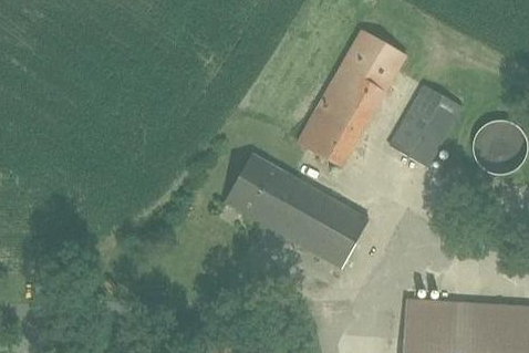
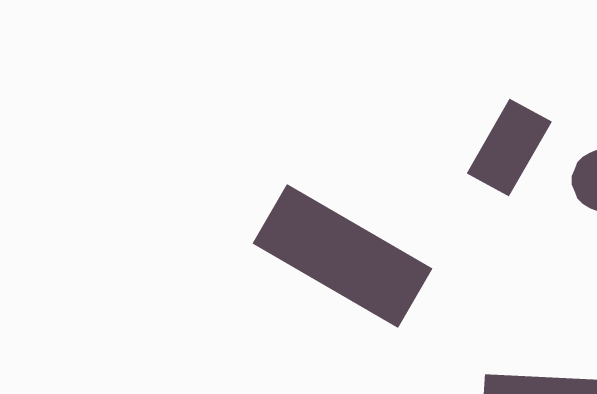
building: [301,30,403,164] -> none

